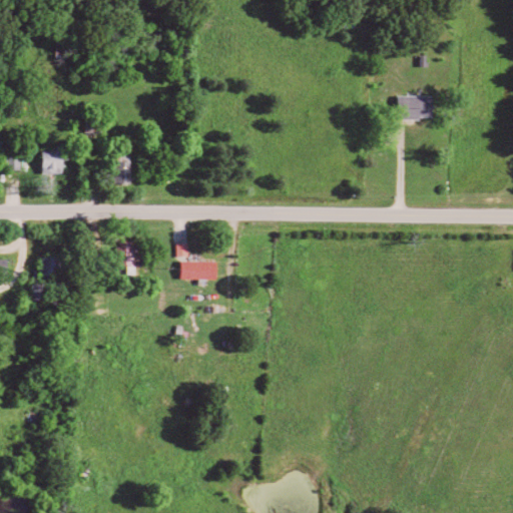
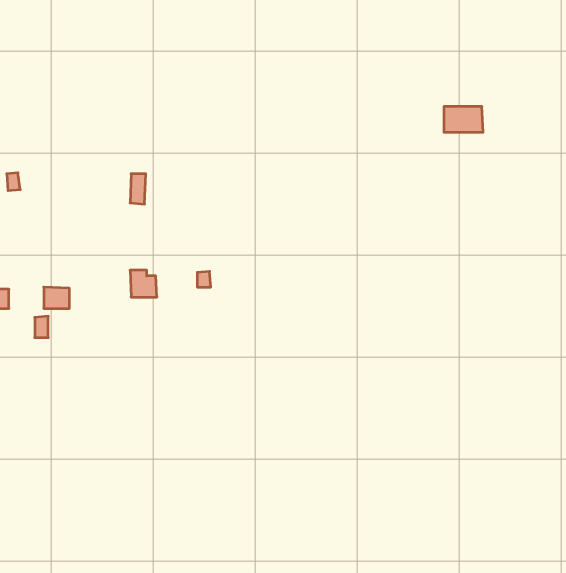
building: [42,150,63,173] -> none
building: [181,262,217,280] -> none

